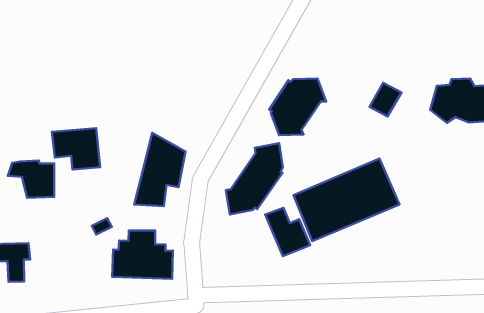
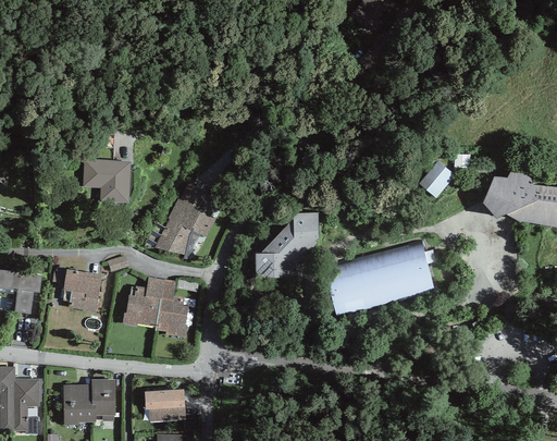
building: [269,79,326,135] -> none
building: [8,161,54,198] -> [51,269,101,311]
building: [265,208,310,256] -> none

